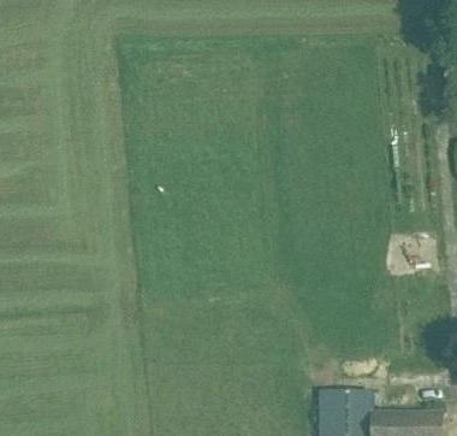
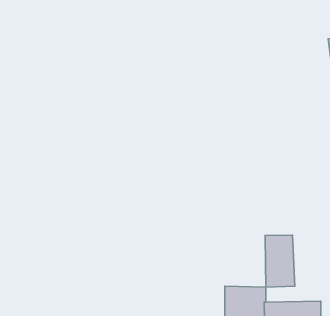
building: none -> [265,235,295,287]

